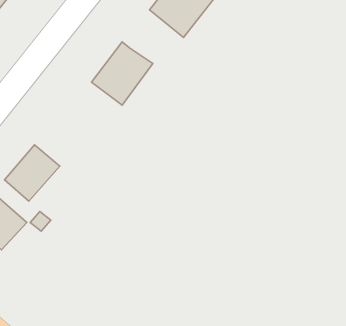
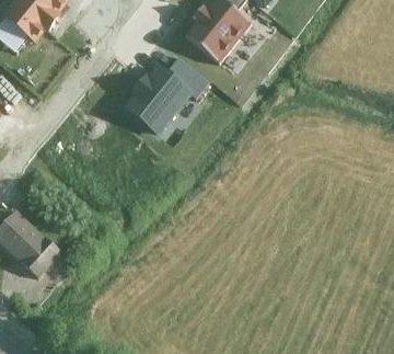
building: none -> [161,58,201,95]
building: [5,145,60,201] -> none

